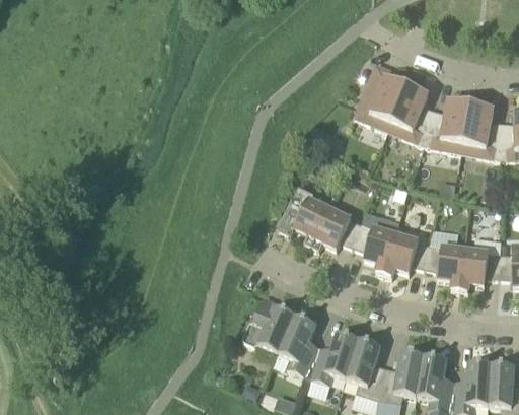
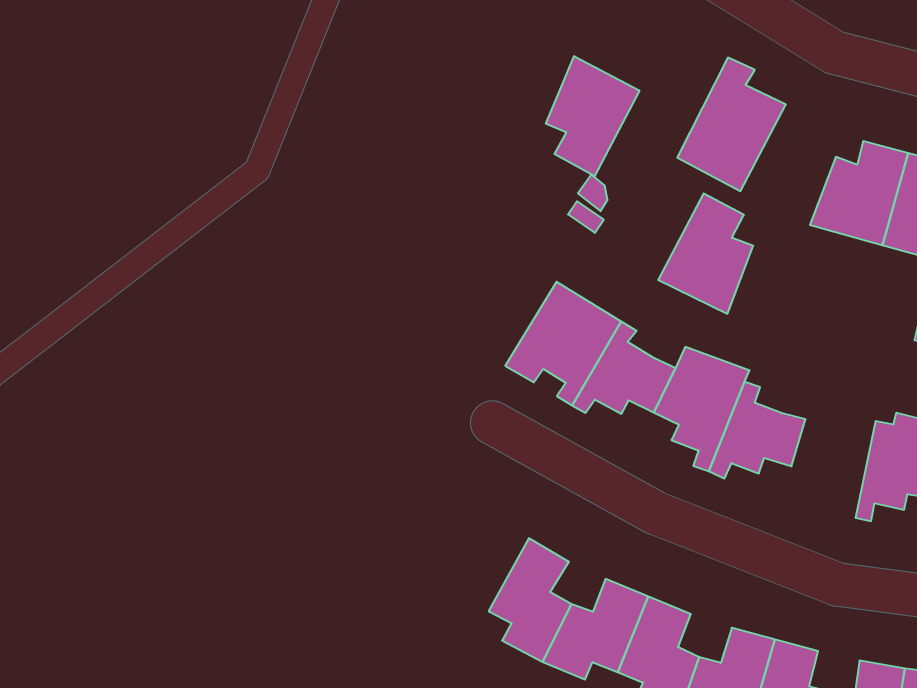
building: none -> [546,56,639,176]
building: [388,85,435,145] -> [658,193,753,314]
building: [426,229,466,291] -> none
building: [243,296,296,354] -> none

